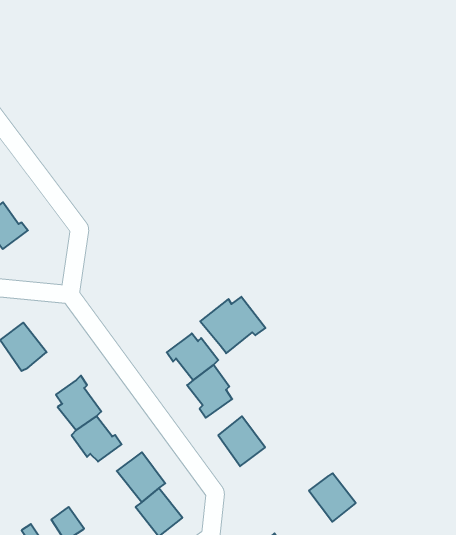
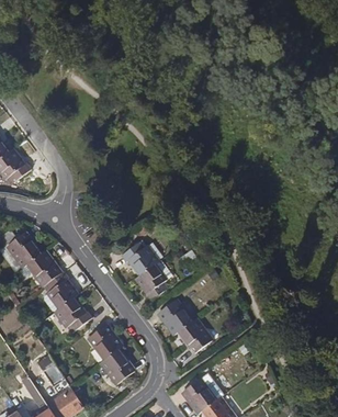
building: [200,297,265,353] -> none
building: none -> [26,251,60,286]
building: [309,473,356,522] -> [180,318,213,352]

